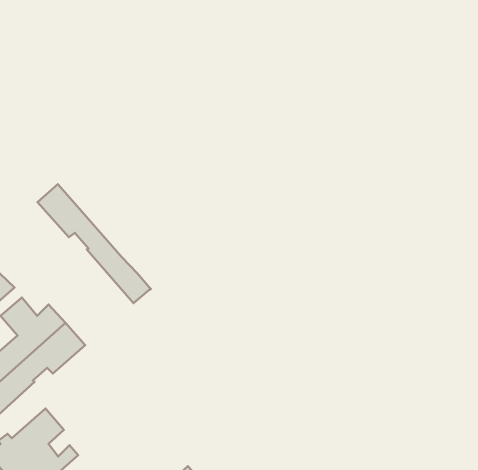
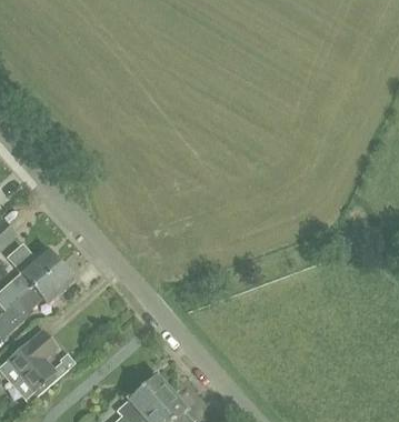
building: [38,184,151,303] -> none

